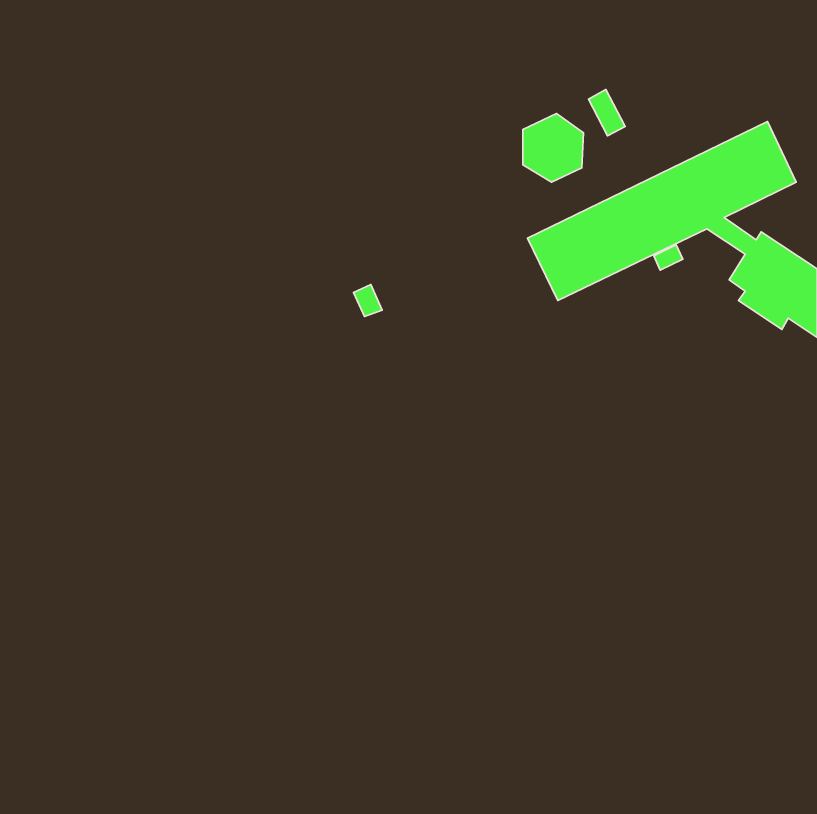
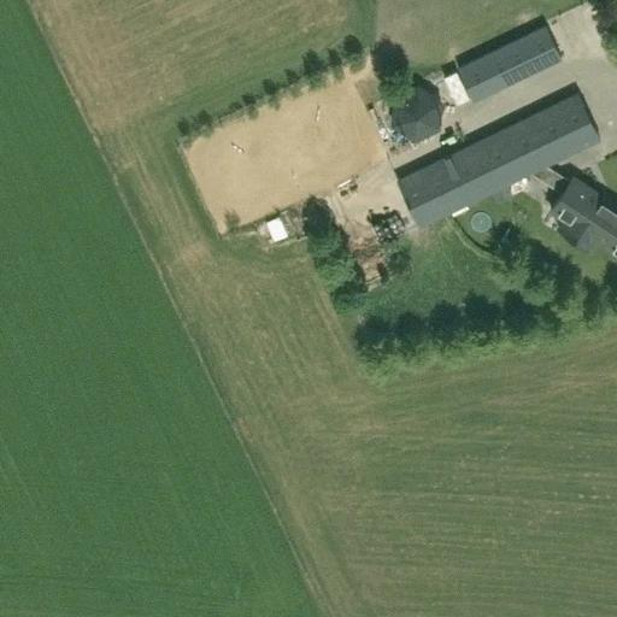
building: none -> [459,27,562,102]

